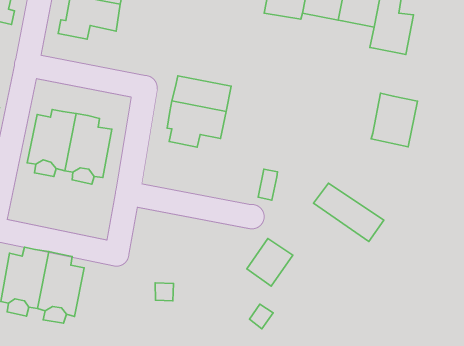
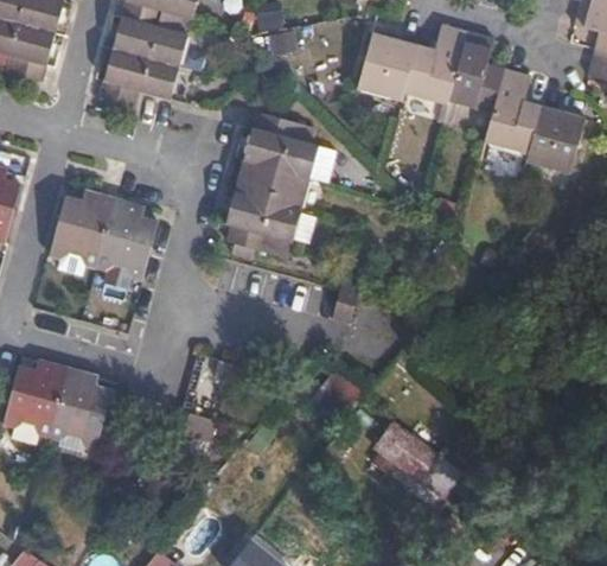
building: none -> [244,113,319,178]
building: [371,93,417,147] -> [526,106,587,174]
building: [314,183,384,241] -> [376,425,461,501]

